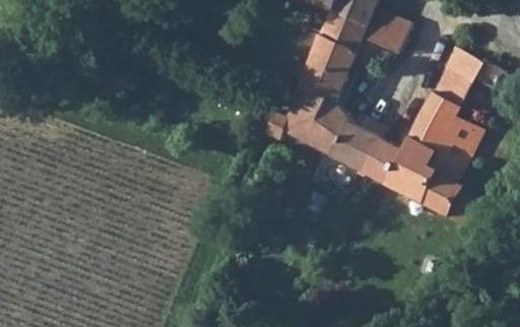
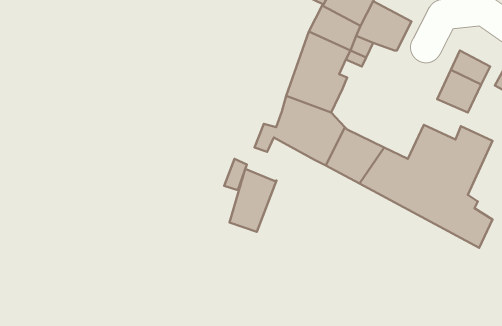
building: [419,94,459,131] -> none
building: none -> [230,169,277,232]

